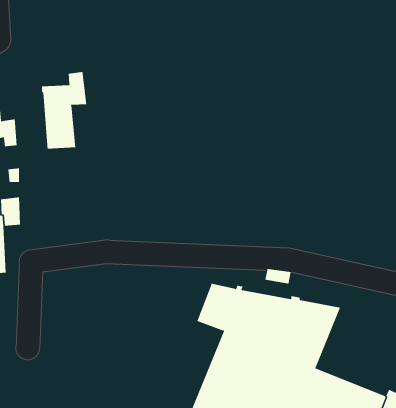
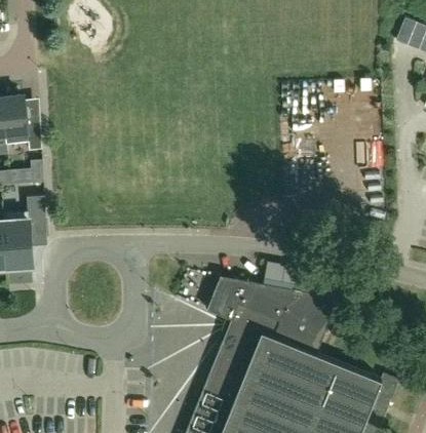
building: [42,71,87,150] -> none

